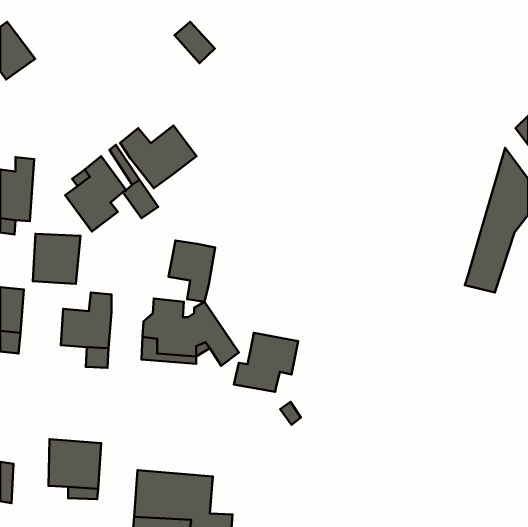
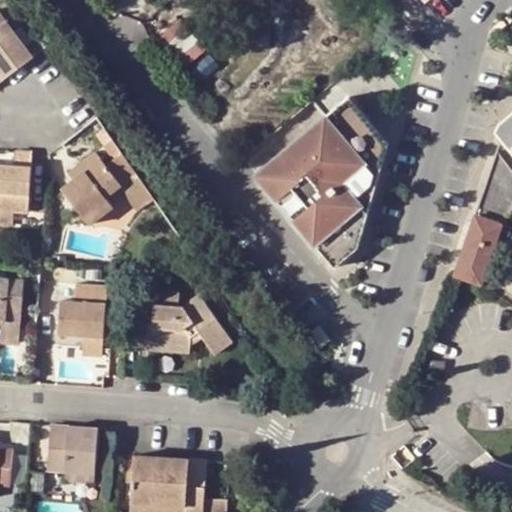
building: none -> [255,83,387,268]
building: [120,125,196,188] -> none
building: [33,234,80,284] -> none
building: [168,240,215,302] -> none
building: [234,333,298,392] -> none

